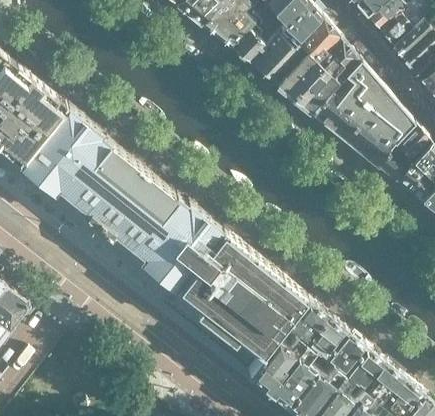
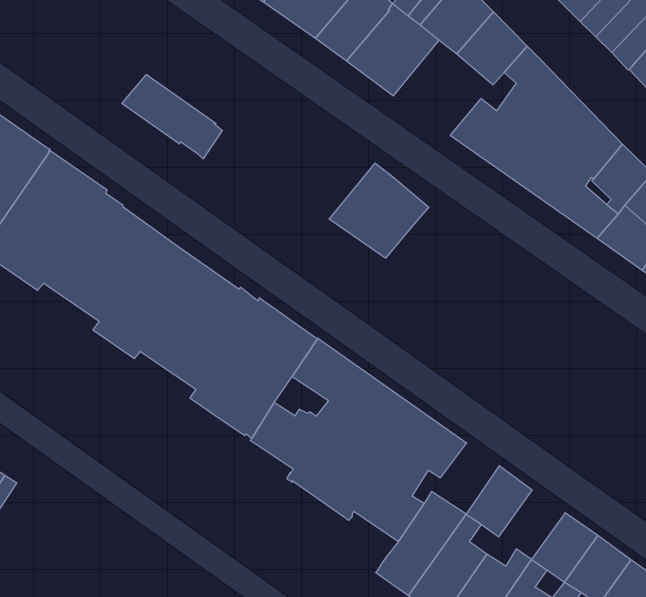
building: [274,53,335,111] -> [329,163,429,258]
building: none -> [122,75,222,159]
building: [282,298,324,341] -> none
building: [321,329,362,371] -> none

